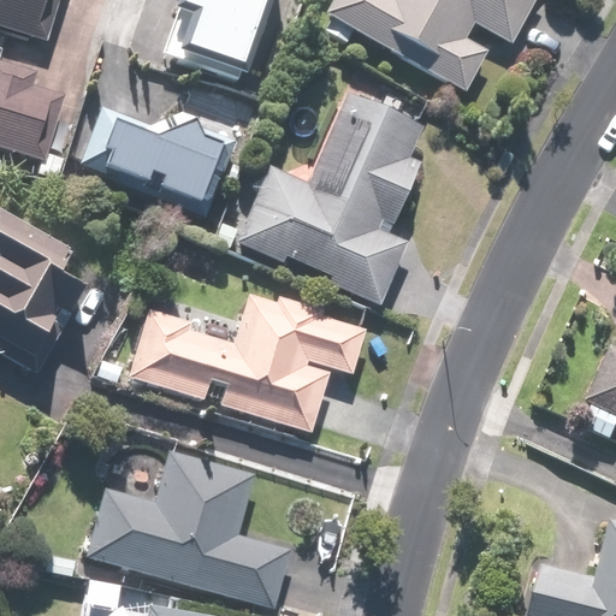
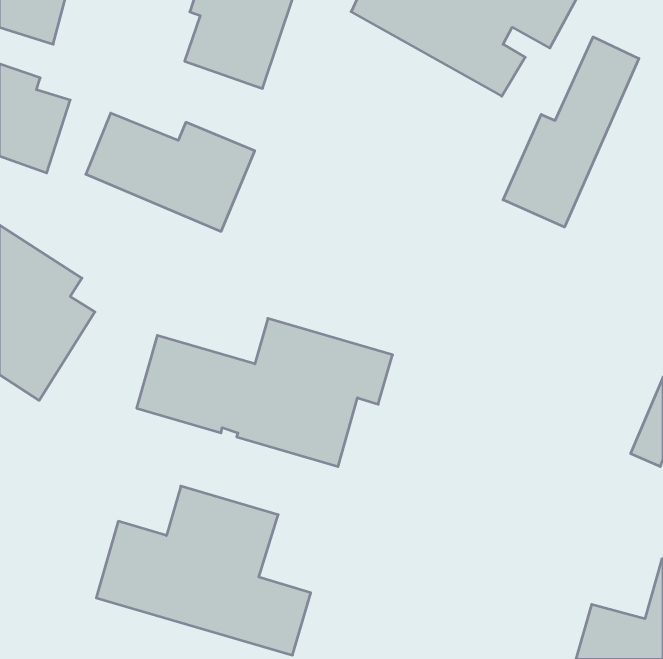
building: none -> [503,37,639,227]
building: [236,67,426,306] -> none

